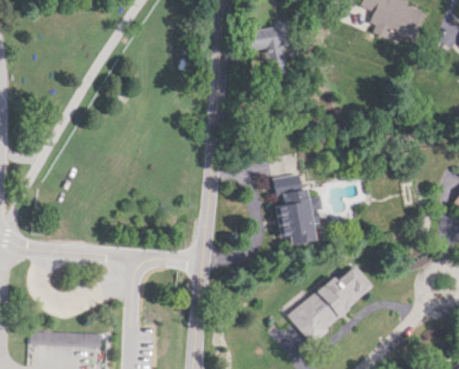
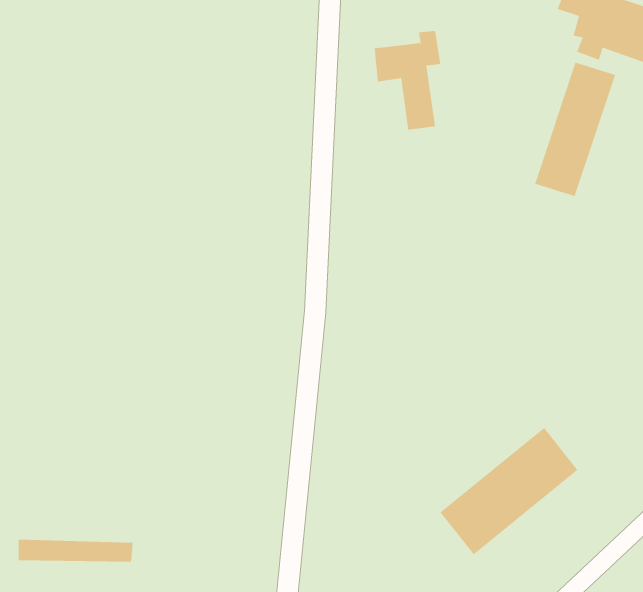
building: none -> [535,62,616,197]
building: [273,174,322,244] -> none

